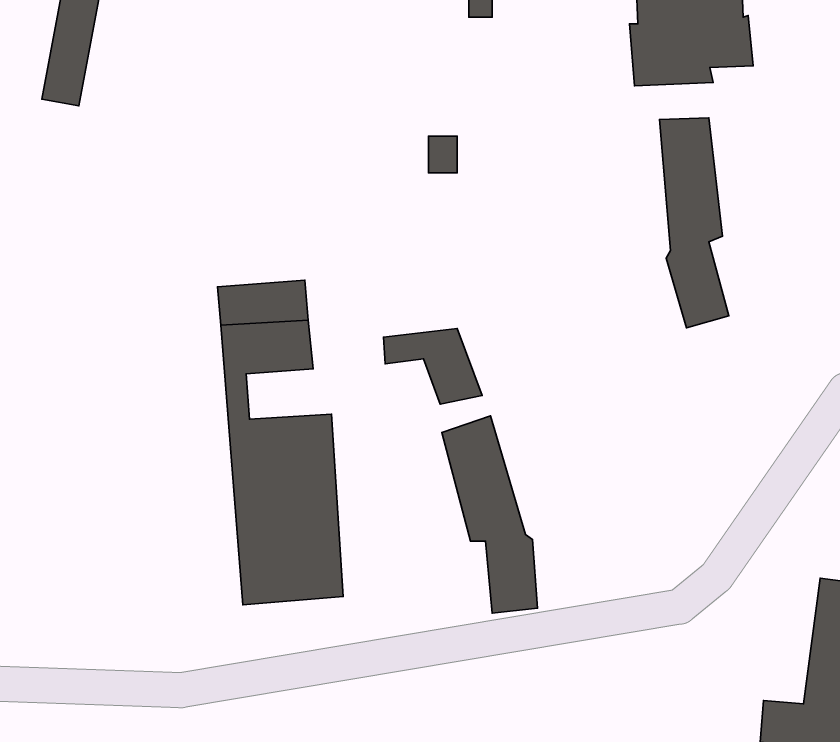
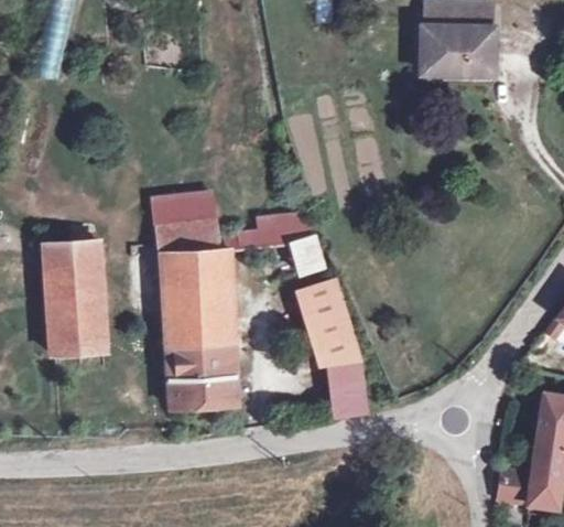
building: [659,118,729,328] -> none
building: none -> [43,241,100,355]
building: none -> [172,255,228,288]

